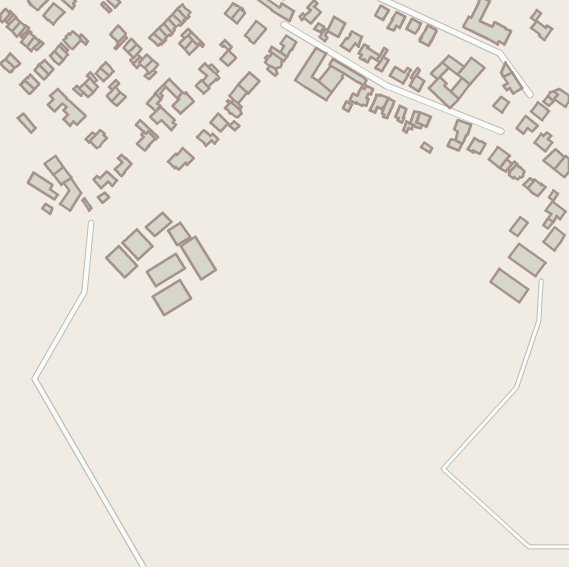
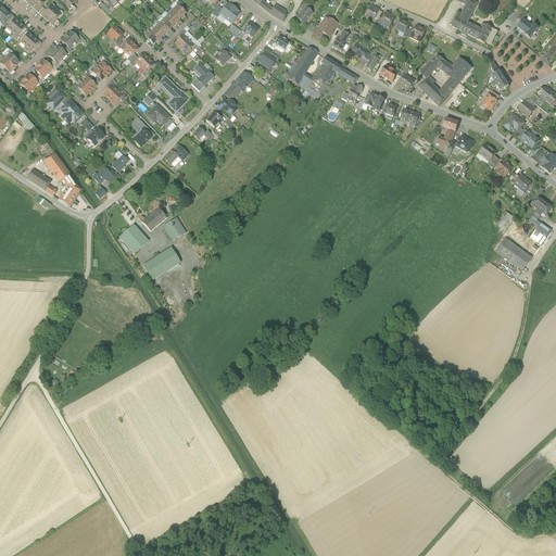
building: [181,237,216,279] -> none
building: [106,246,137,277] -> none
building: [491,269,528,302] -> none
building: [153,280,191,315] -> none

